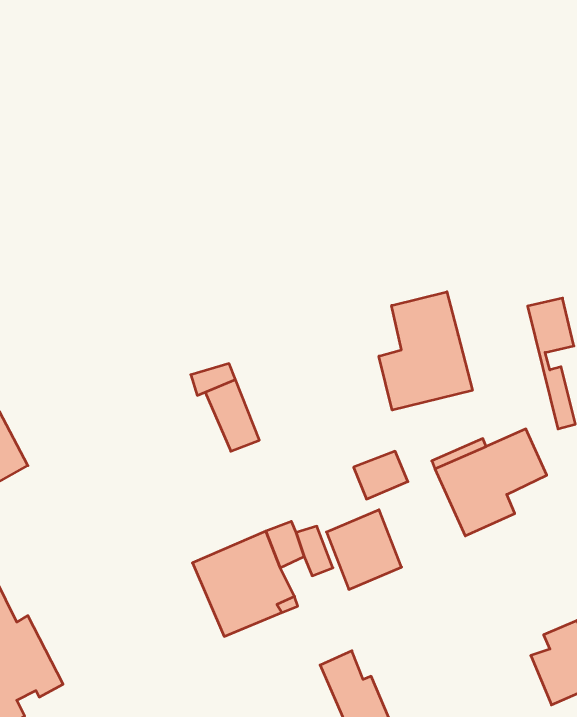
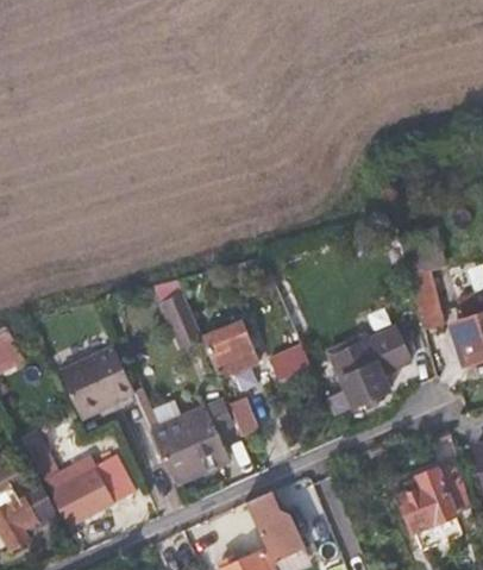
building: [379,292,472,410] -> none
building: none -> [59,346,134,418]
building: [326,510,402,589] -> [200,319,256,378]
building: none -> [19,431,136,527]

